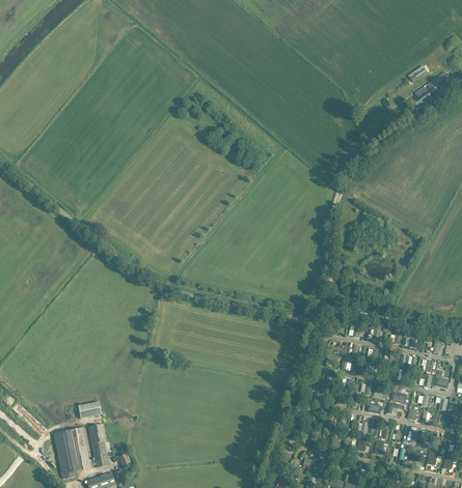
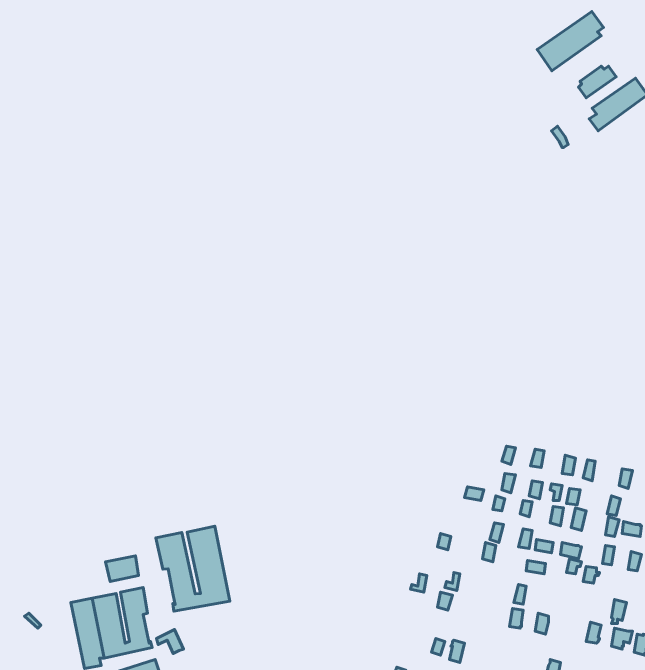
building: none -> [537,11,604,71]
building: none -> [156,526,230,611]

